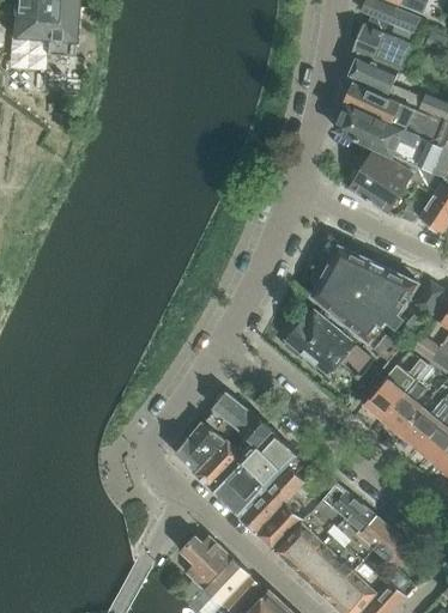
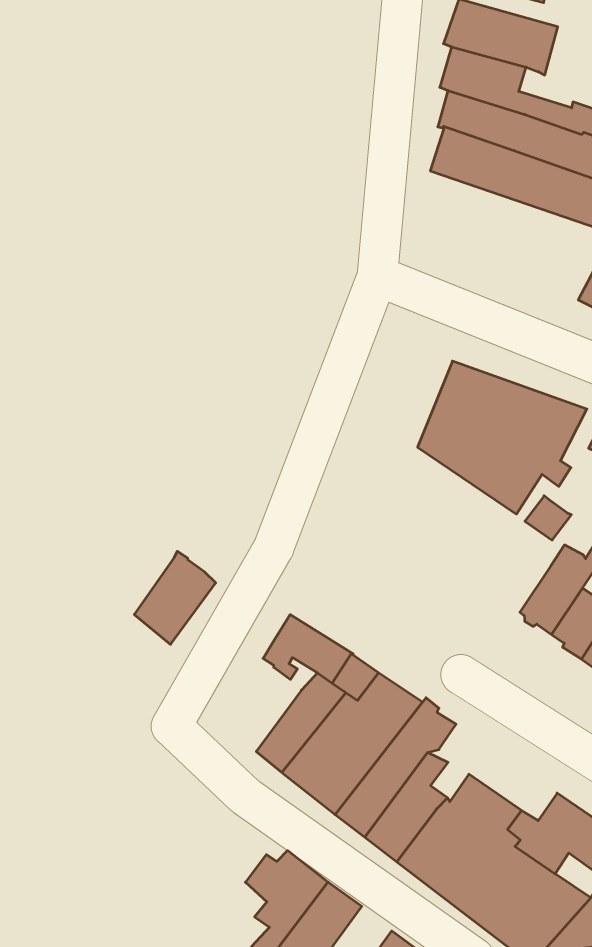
building: [349,148,412,212] -> none
building: [285,311,375,381] -> none
building: [175,417,226,473] -> [134,551,216,644]
building: [323,484,376,532] -> none

